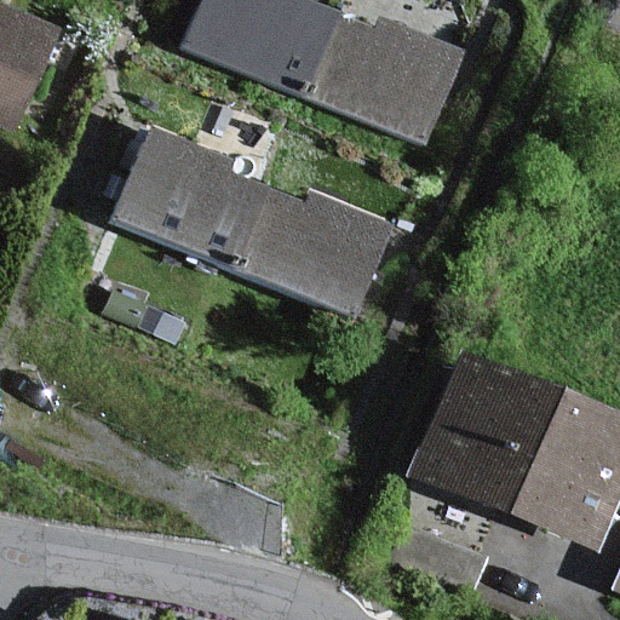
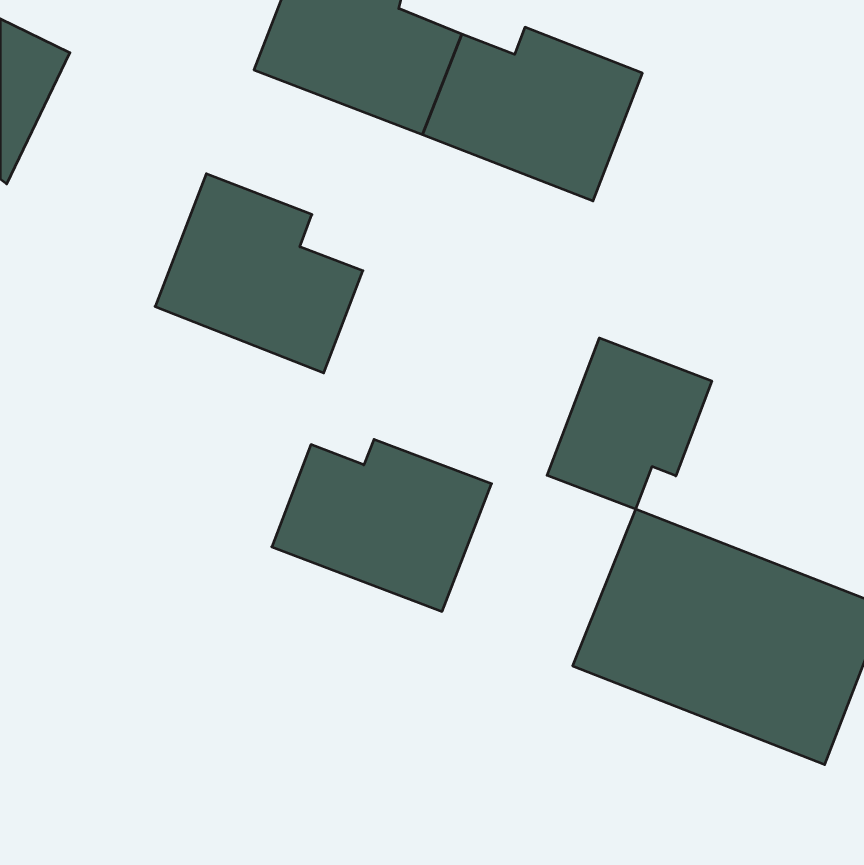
building: [235,189,391,311] -> [272,439,492,611]
building: none -> [547,338,712,509]

